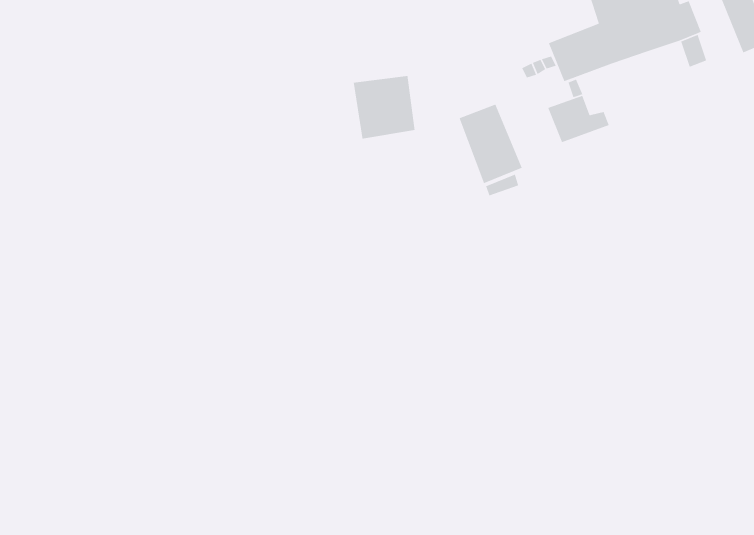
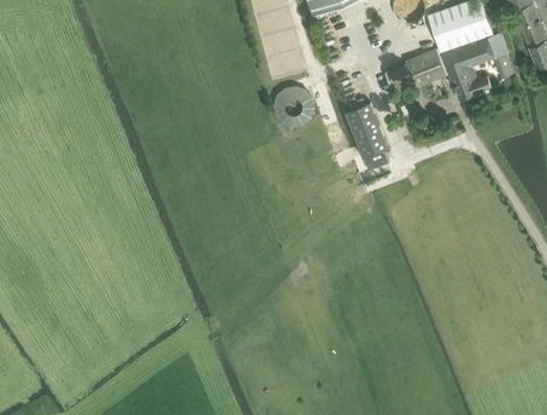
building: [547,95,610,143] -> [448,66,490,99]

